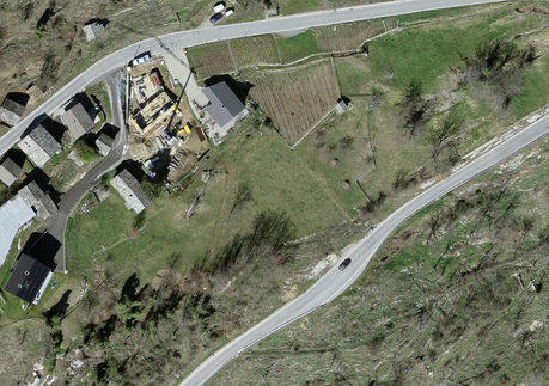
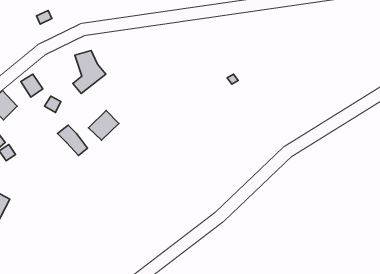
building: [203,81,243,123] -> none
building: none -> [89,110,119,140]

